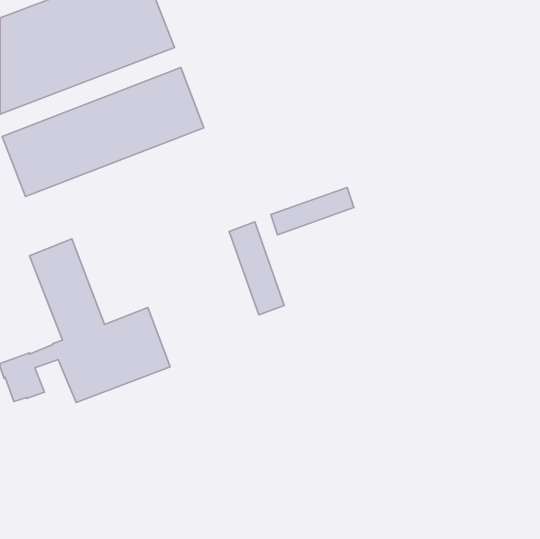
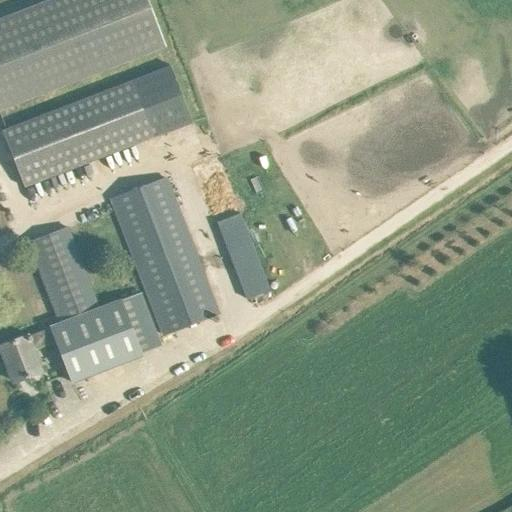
building: none -> [108,176,221,338]
building: [271,187,354,235] -> none

